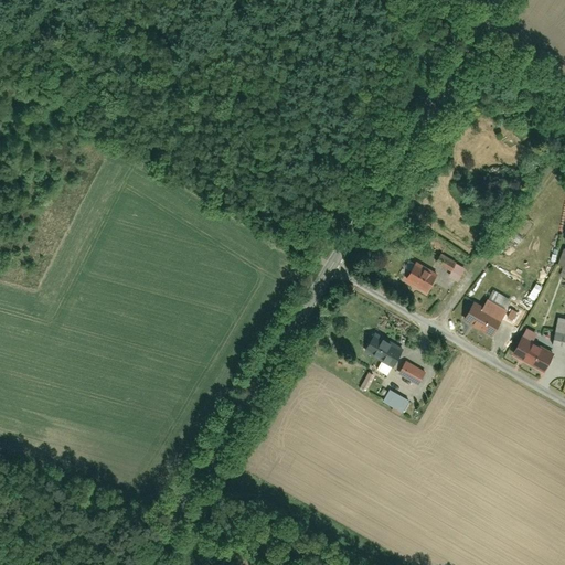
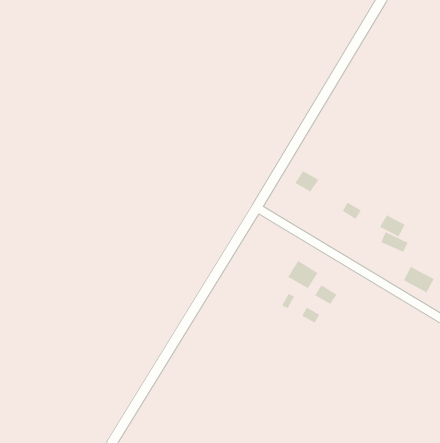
building: [405,263,437,291] -> [294,170,319,193]
building: [463,303,498,333] -> [379,214,406,238]

